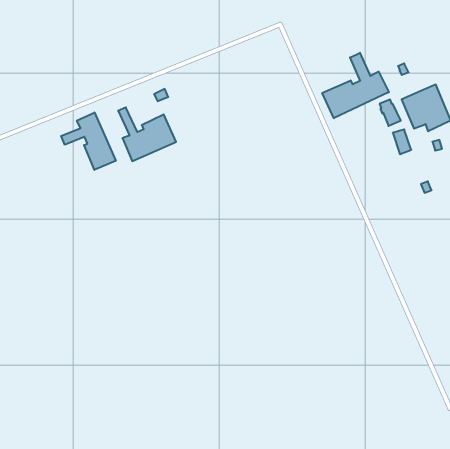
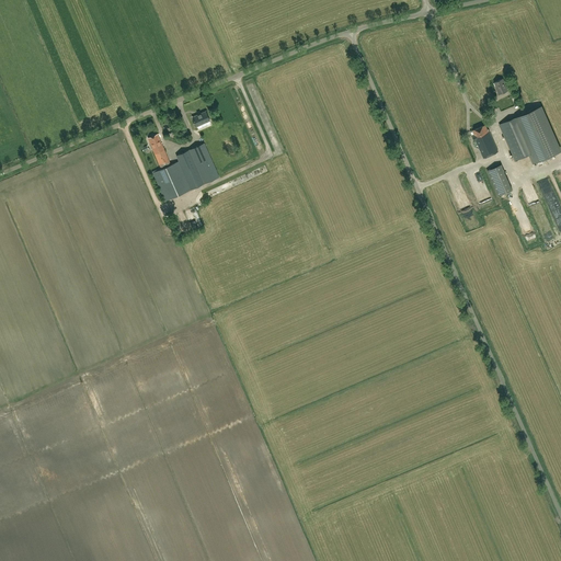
building: [322,53,389,118] -> none
building: [61,112,116,170] -> none

